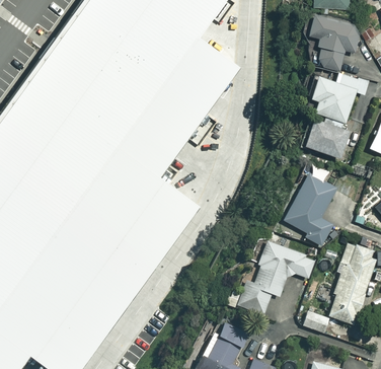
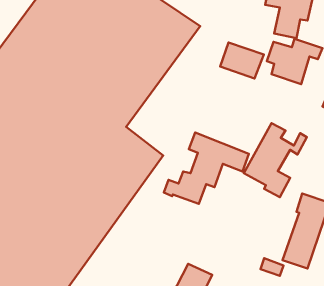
building: [303,120,351,159] -> [220,43,264,79]
building: [225,238,318,316] -> [164,133,249,204]

